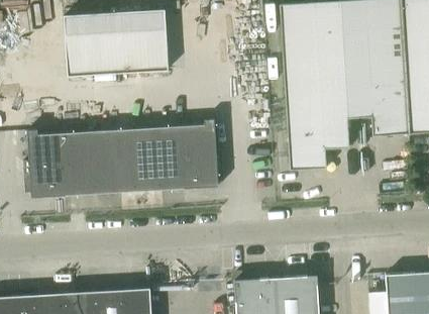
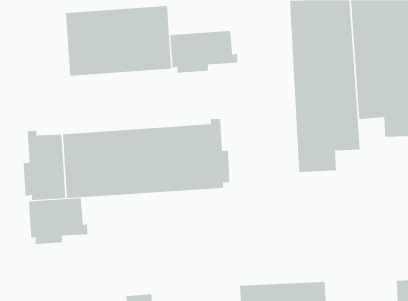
building: none -> [170,30,238,73]
building: none -> [28,198,88,245]

